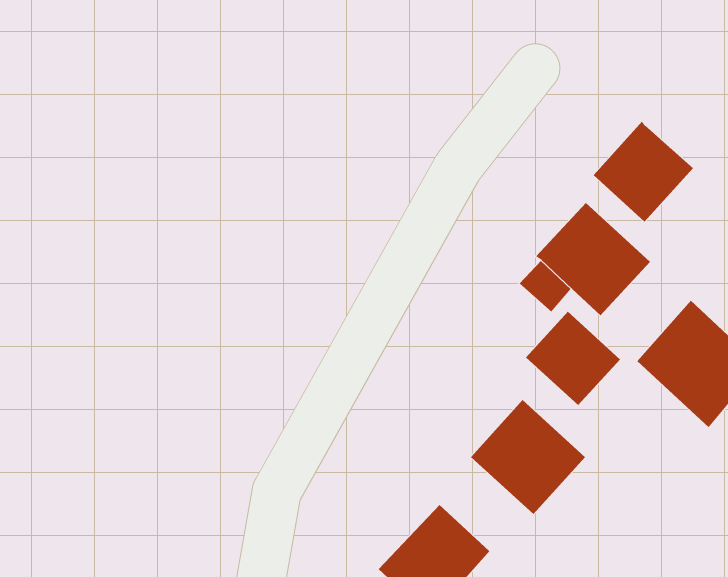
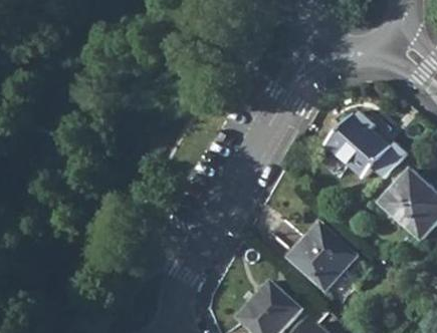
building: [593,121,694,222] -> none
building: [525,311,621,406] -> none

